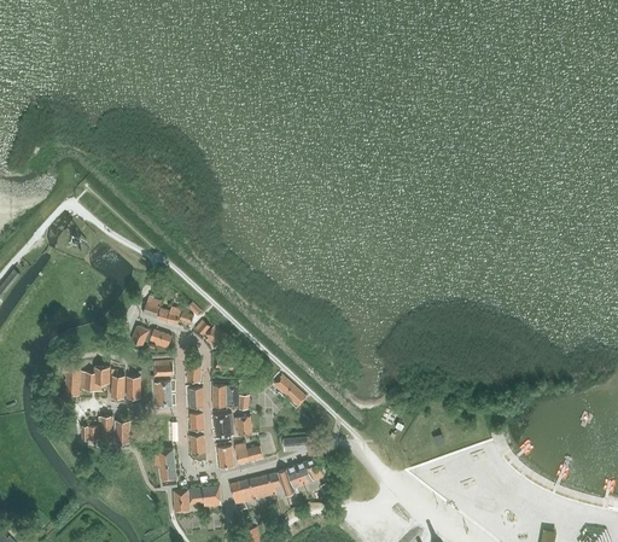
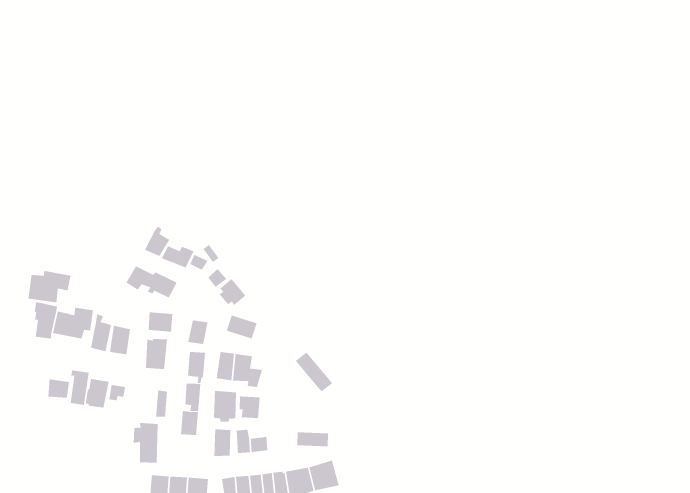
building: none -> [28,270,71,303]

